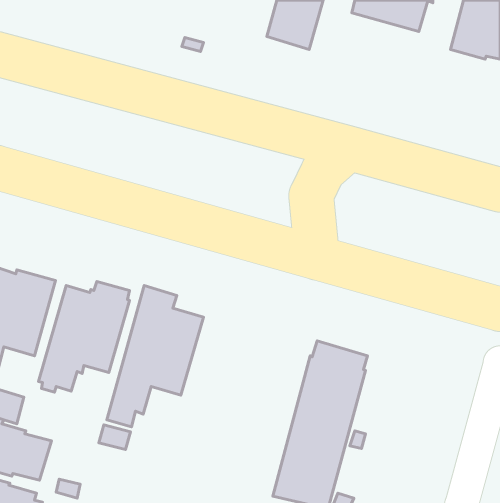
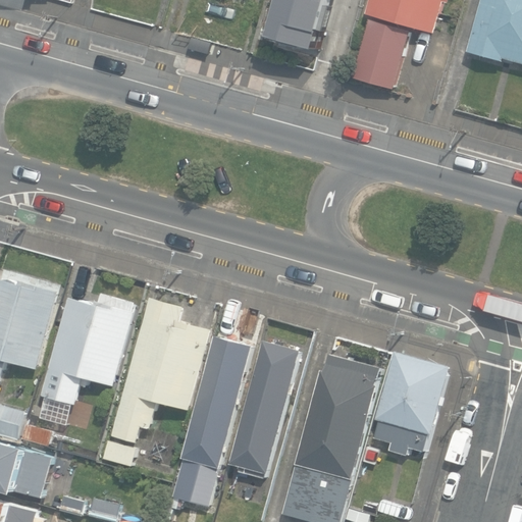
building: none -> [350,22,407,91]
building: none -> [170,335,253,507]
building: none -> [228,341,300,473]
building: none -> [373,351,450,455]

